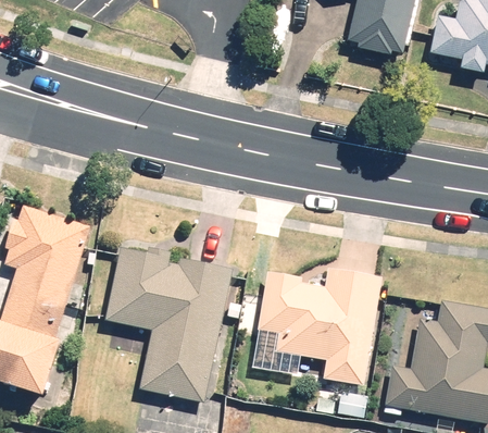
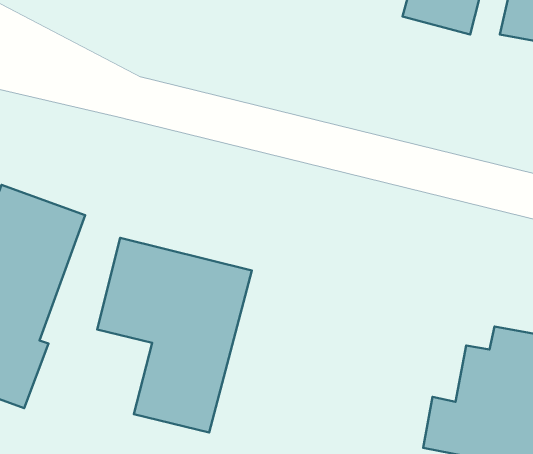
building: [252,268,379,383] -> none

